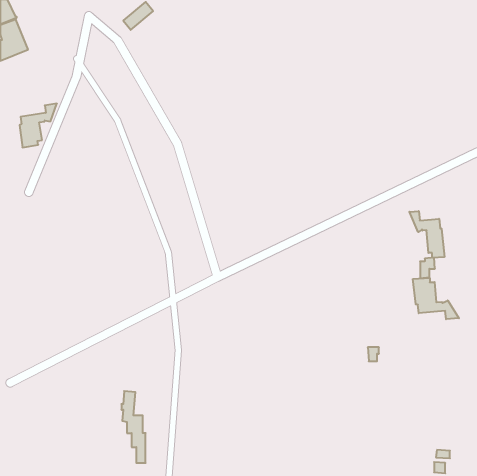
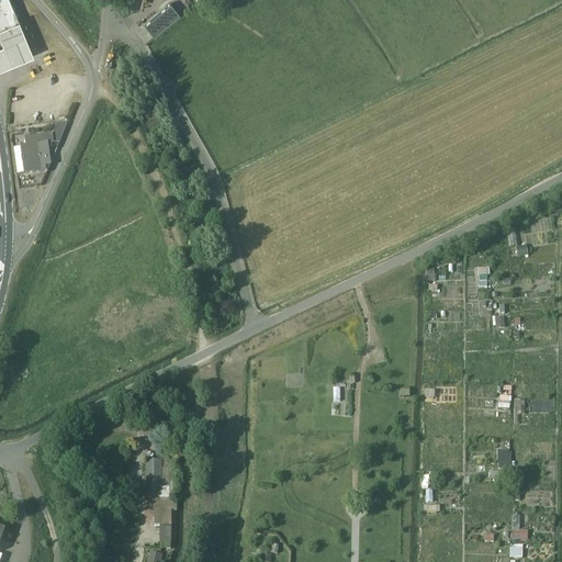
building: [409,211,444,258] -> none
building: [413,278,459,319] -> none

